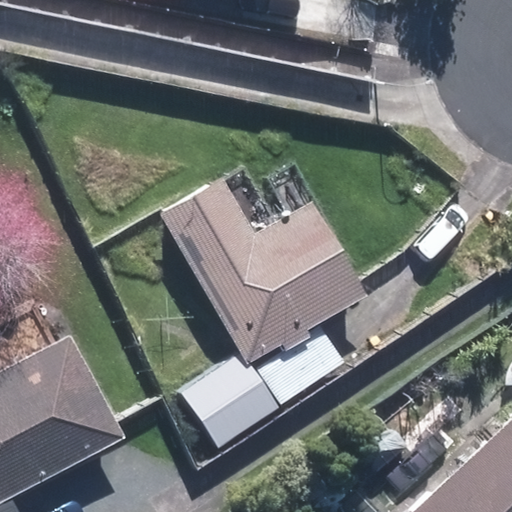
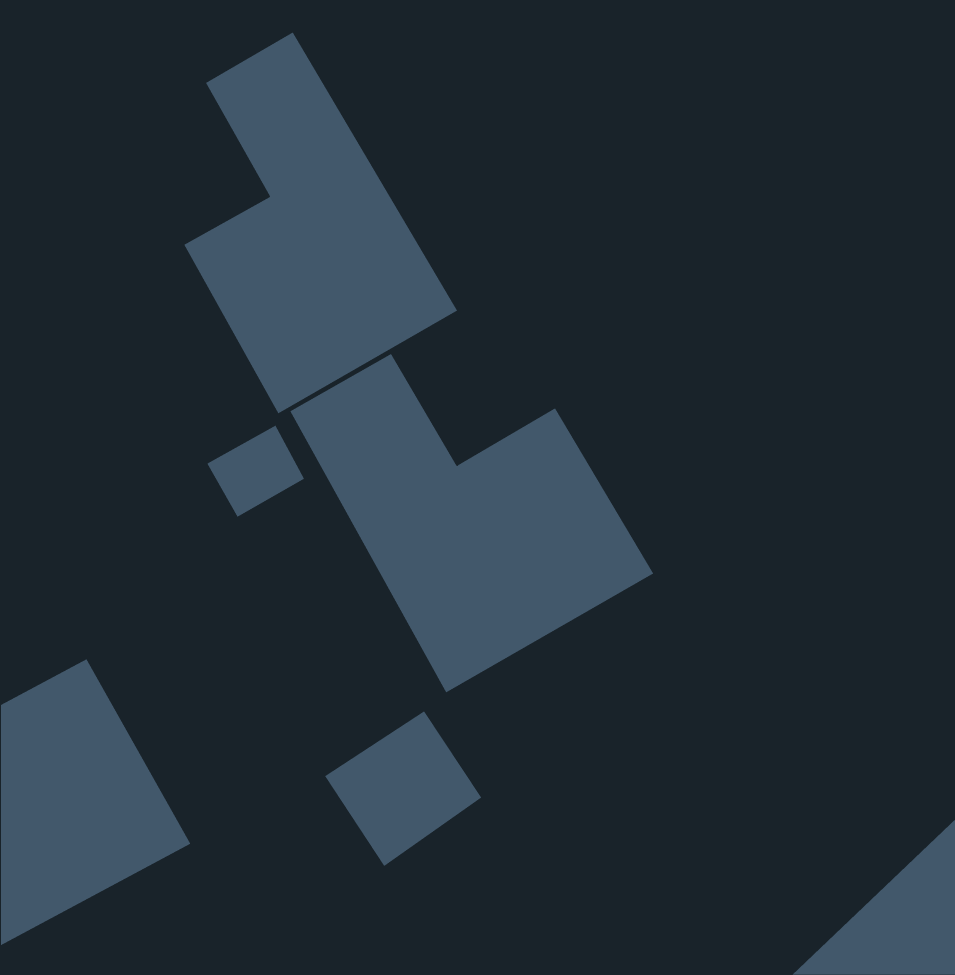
building: none -> [183,31,458,414]

